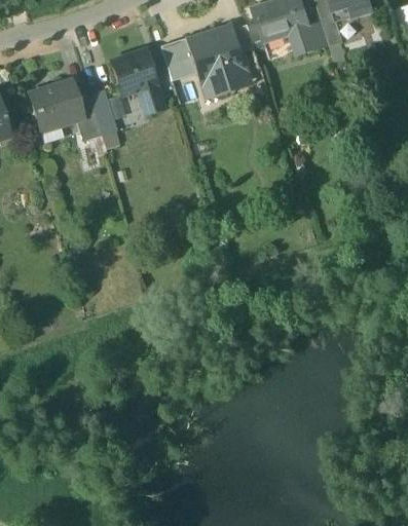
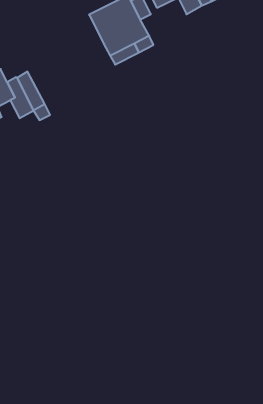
building: [161,36,196,79] -> none
building: [111,49,163,113] -> none

